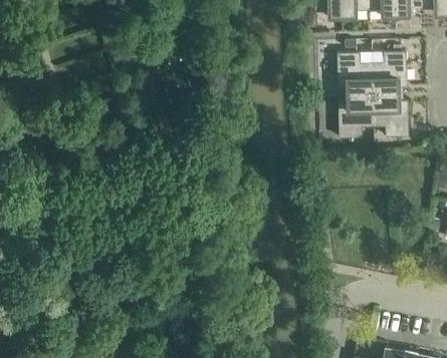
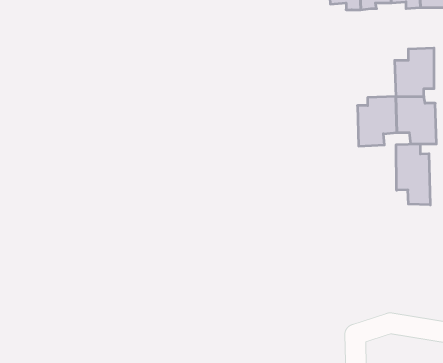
building: [337,51,373,94] -> none
building: none -> [396,144,430,205]

